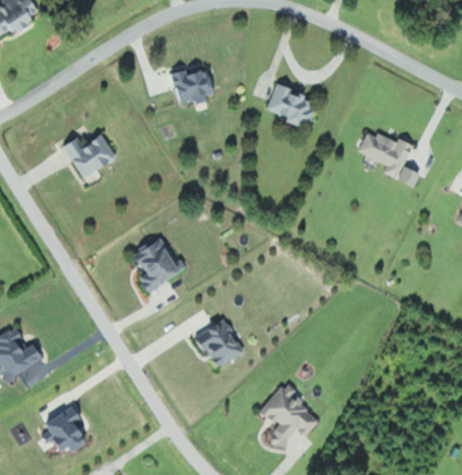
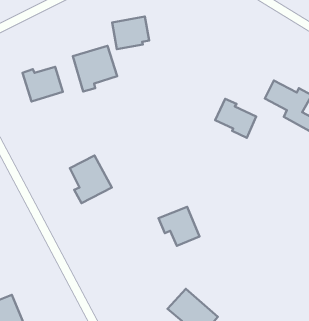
building: [267,82,316,127] -> [215,99,256,138]
building: none -> [73,46,117,91]
building: [192,320,243,367] -> [158,207,200,246]

